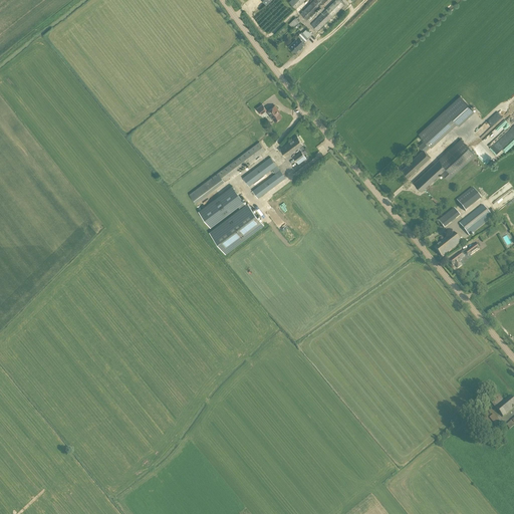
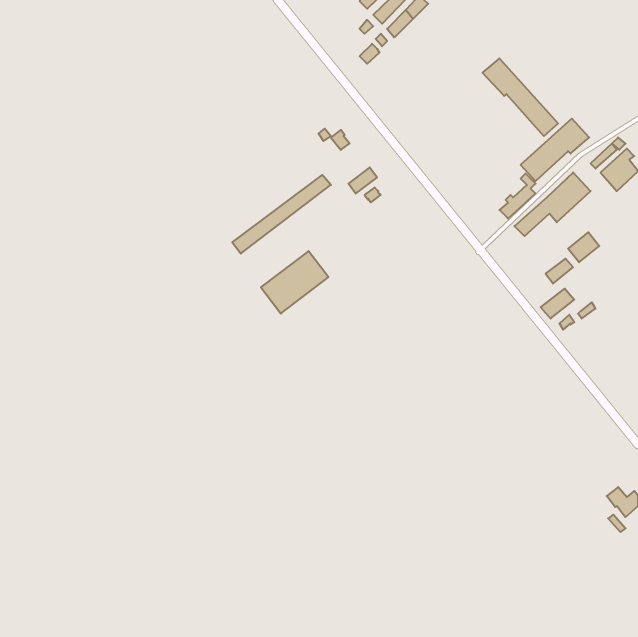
building: none -> [483,58,558,136]
building: [243,156,286,197] -> none
building: [198,185,245,226] -> none
building: [459,204,493,236] -> none

